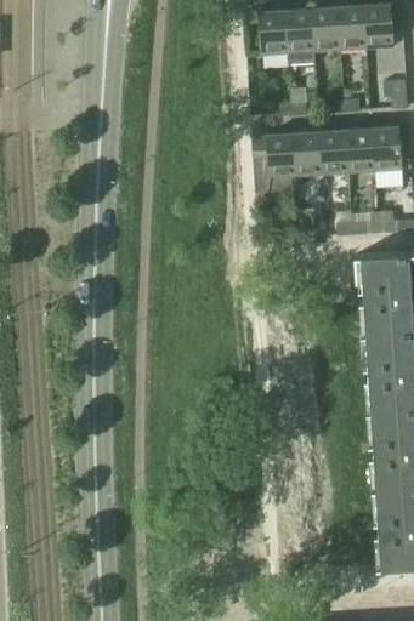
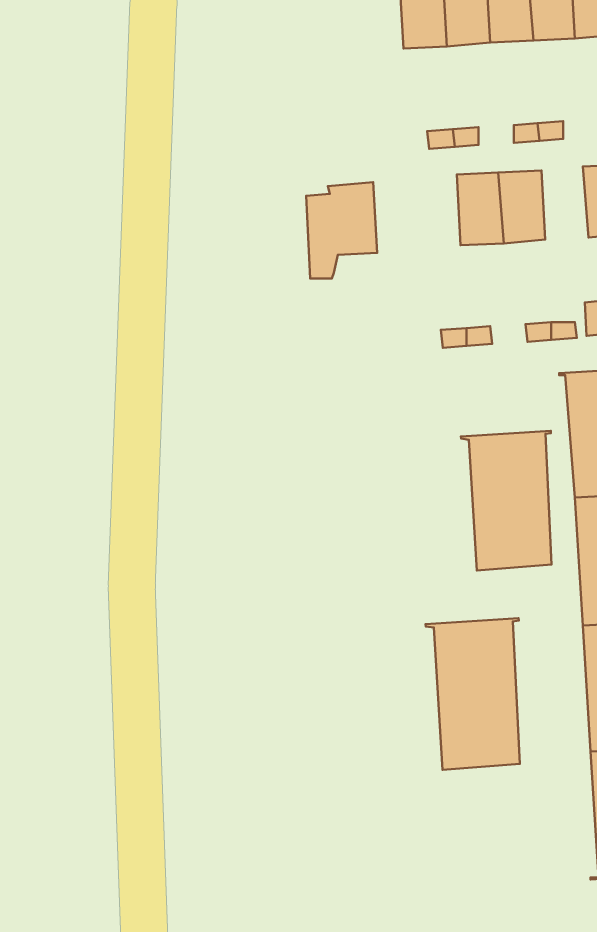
building: [345,127,374,172] -> none
building: [251,132,295,192] -> [306,182,377,279]
building: none -> [461,431,551,570]
building: none -> [425,618,520,770]

